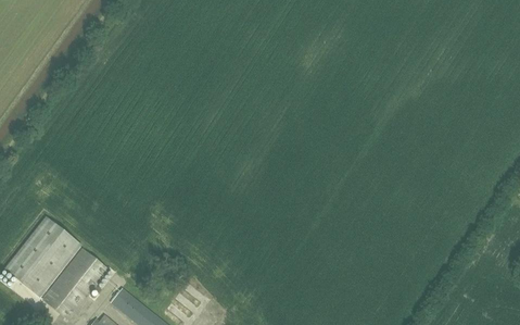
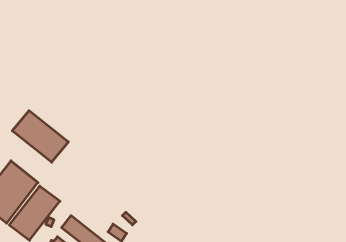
building: none -> [12,111,68,162]

